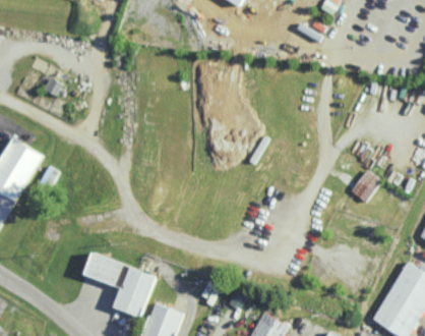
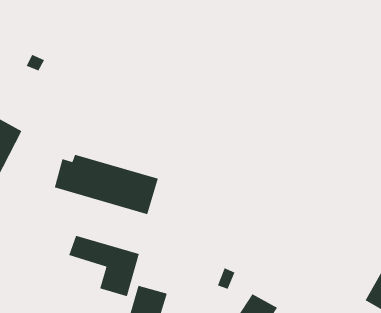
building: [352,169,381,202] -> none
building: none -> [54,154,159,215]

